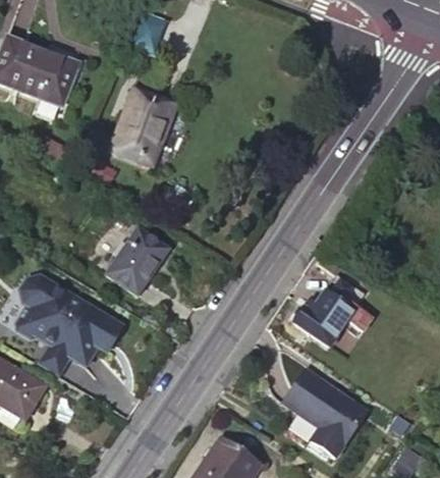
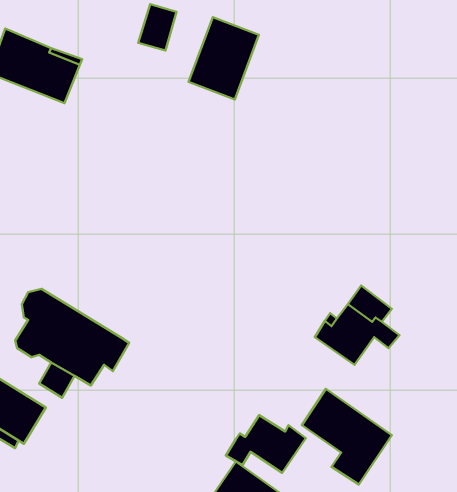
building: [111,88,176,164] -> [189,17,259,100]
building: [107,227,167,296] -> none
building: none -> [226,415,306,473]

